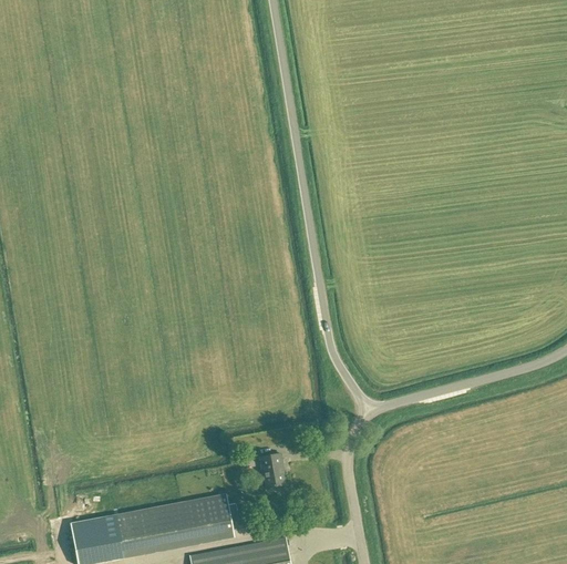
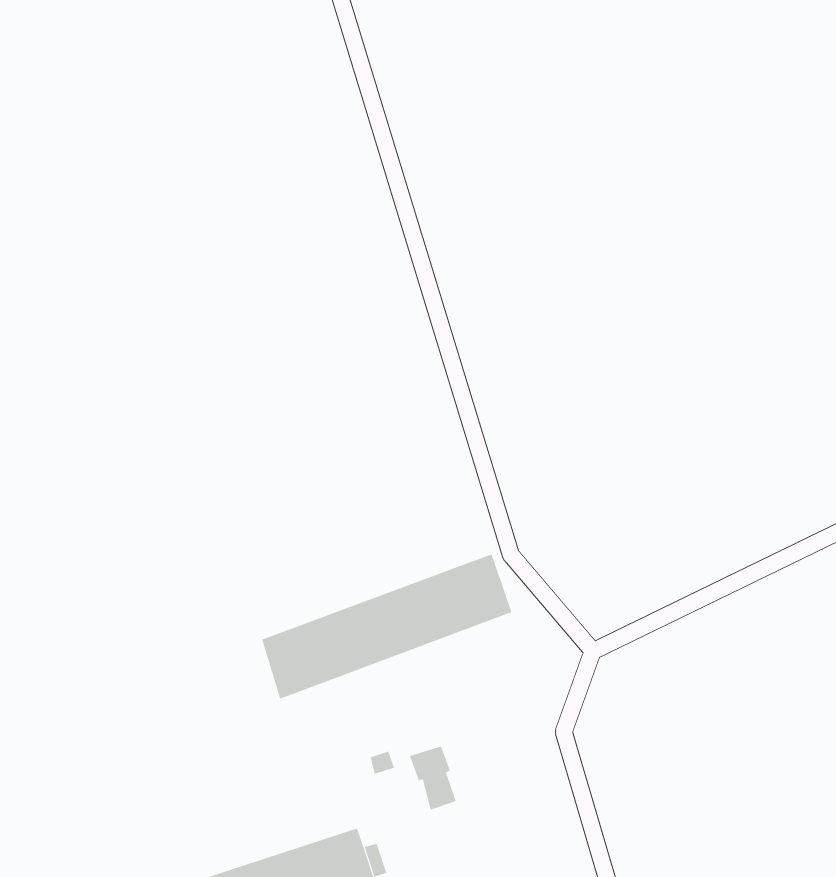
building: none -> [261,553,512,700]

